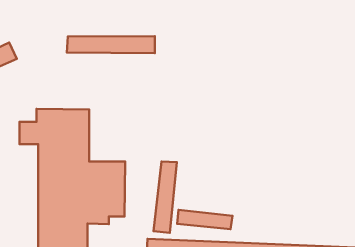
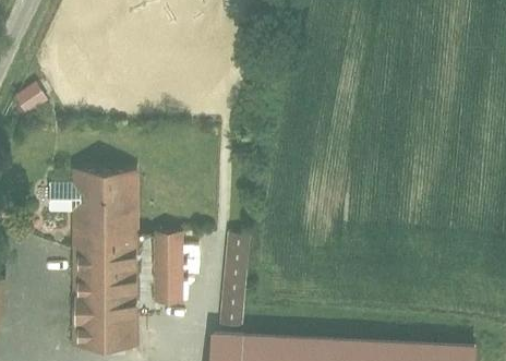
building: [67,36,155,53] -> none
building: [177,210,233,229] -> none

